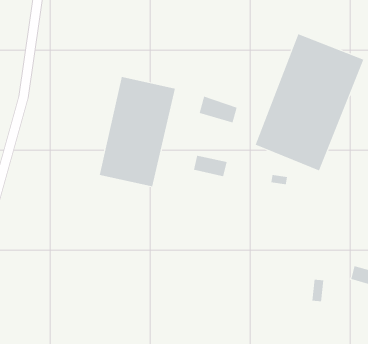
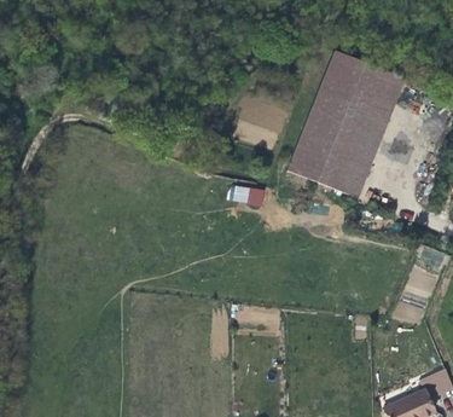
building: [99,76,175,187] -> none

